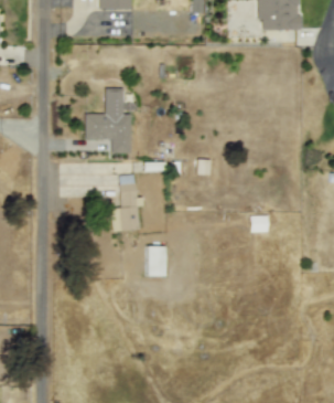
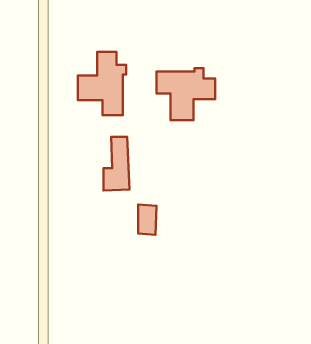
building: none -> [157,68,215,120]

